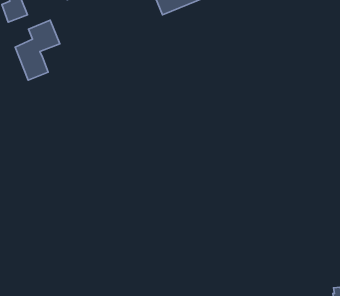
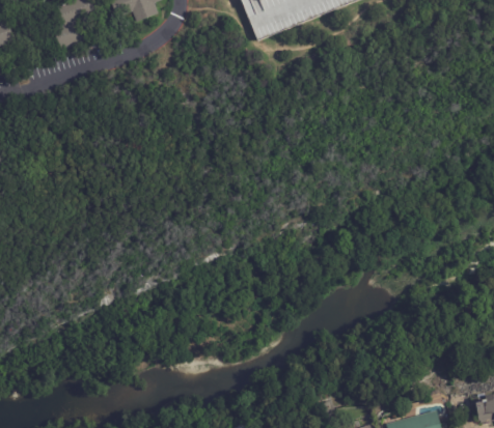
building: [15,20,60,80] -> none

